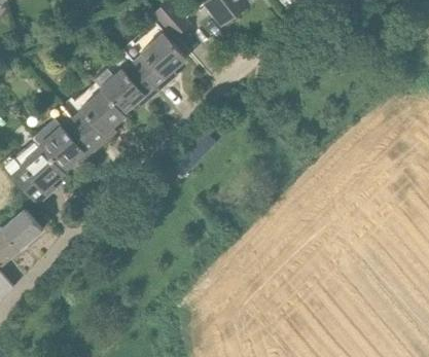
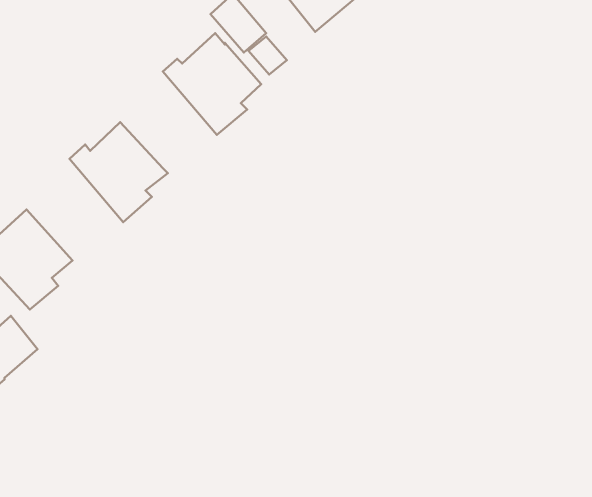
building: [95,50,157,113] -> none
building: [32,107,97,171] -> none

